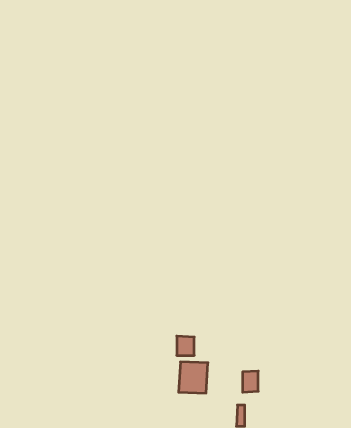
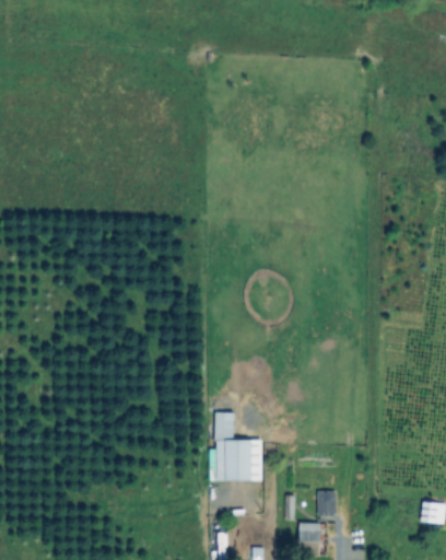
building: [243,371,258,392] -> [316,489,334,514]

